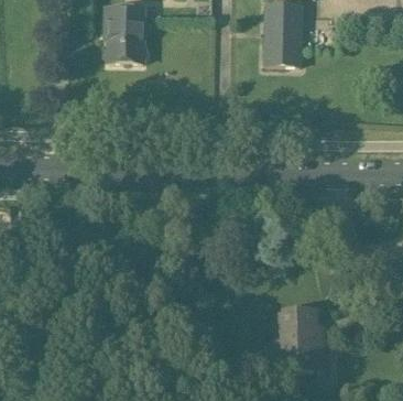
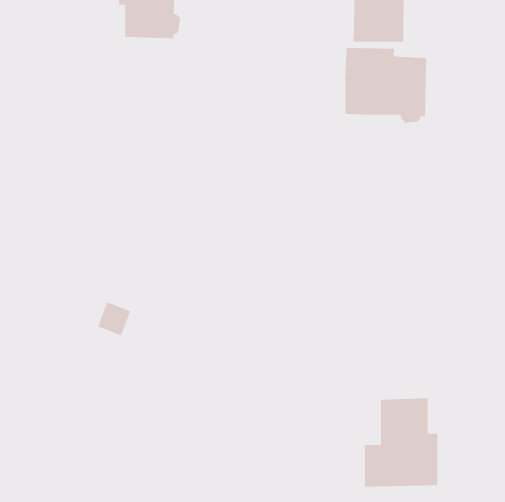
building: none -> [344,47,427,123]

